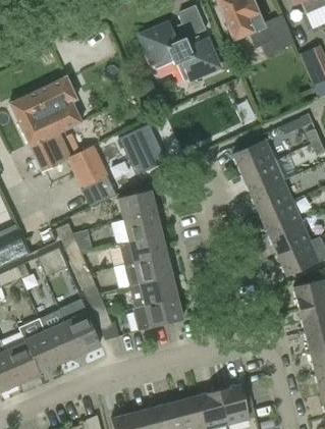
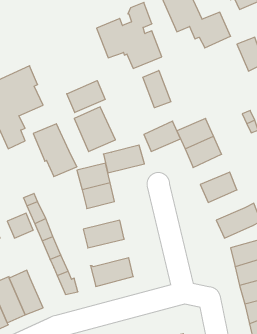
building: none -> [143,70,171,108]
building: none -> [67,81,105,113]
building: [251,179,292,214] -> [144,121,181,151]
building: [268,220,310,255] -> none
building: [120,233,167,265] -> [103,145,144,173]
building: [130,276,177,308] -> none
building: [65,313,101,355] -> none

